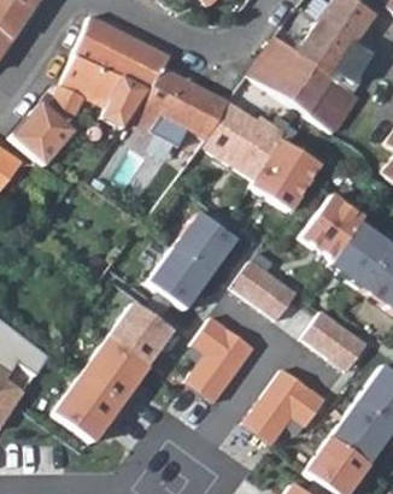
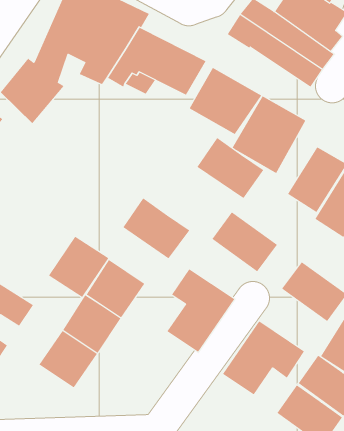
building: [164,213,233,276] -> [197,137,264,199]
building: none -> [48,236,109,298]

